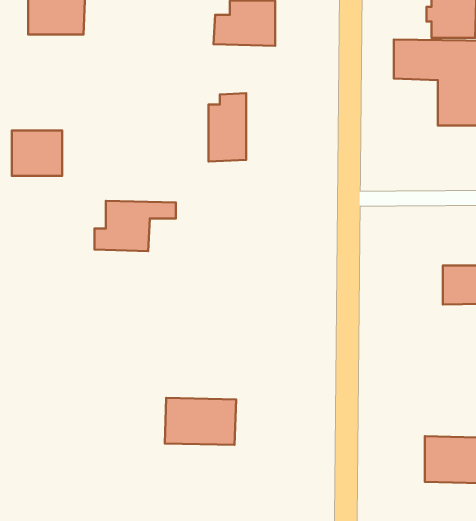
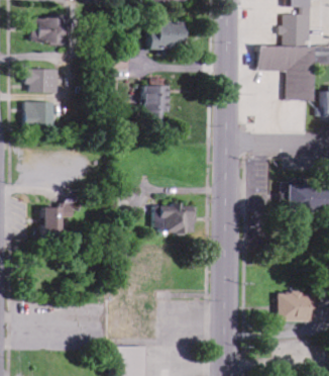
building: none -> [24,68,60,93]
building: [95,201,176,251] -> [28,205,79,237]
building: [165,398,236,445] -> [152,204,197,233]

